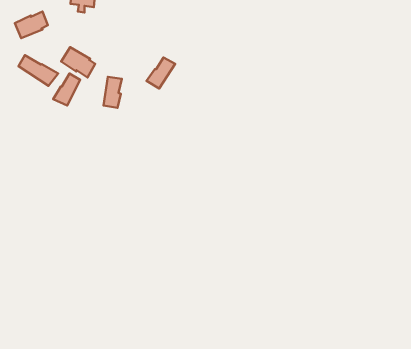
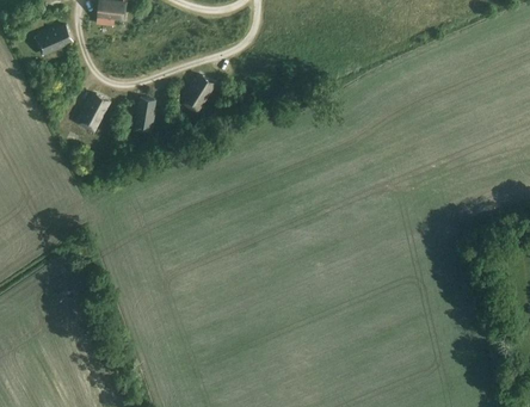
building: [61,47,95,77] -> none
building: [18,55,58,86] -> none

